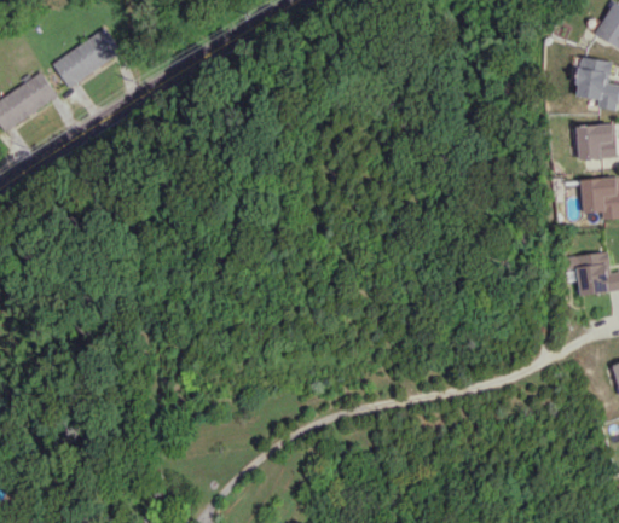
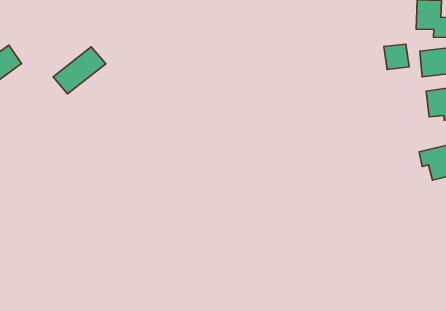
building: [51,29,121,88] -> [53,47,106,94]
building: none -> [384,44,409,69]

